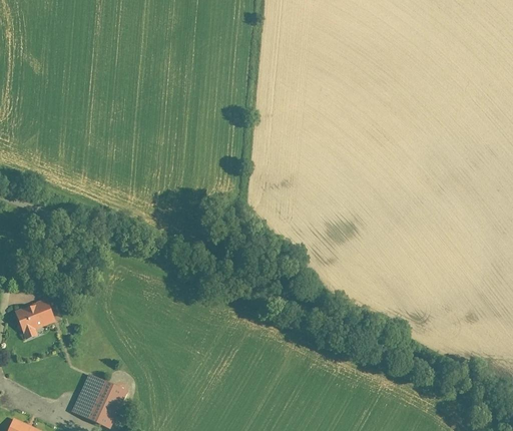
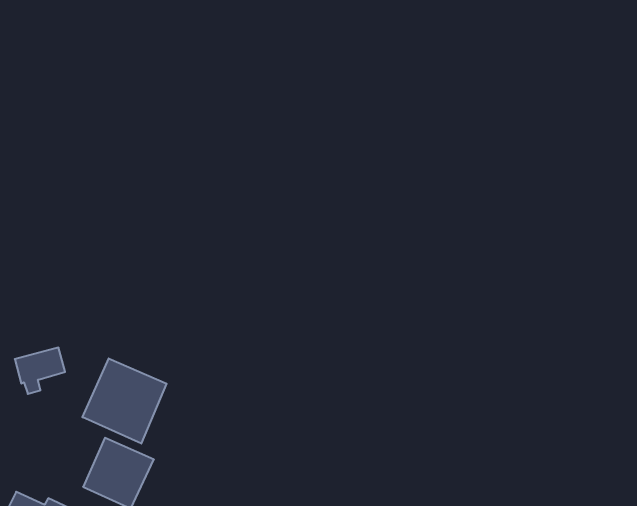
building: none -> [82,358,167,444]

